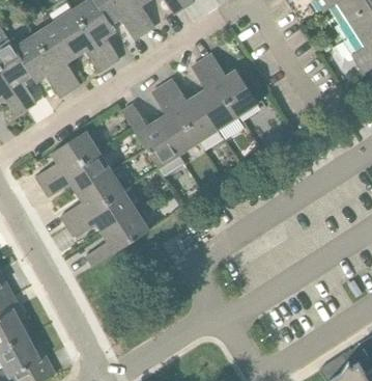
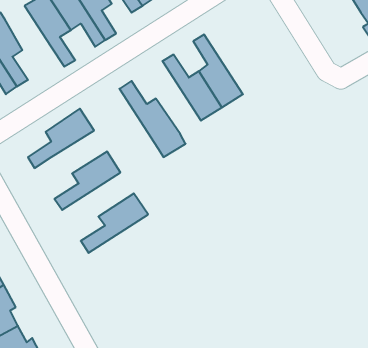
building: [13,33,69,98] -> none
building: [201,53,257,116] -> none
building: [151,85,198,154] -> none
building: [41,151,110,196] -> none
building: [67,190,135,236] -> none

